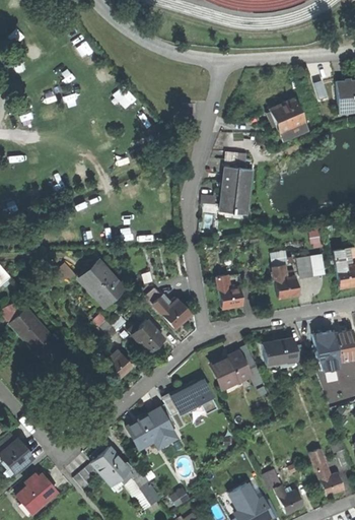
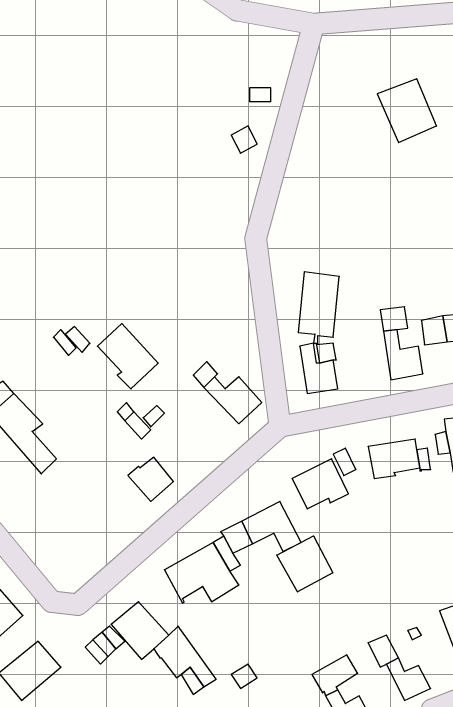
building: [222,166,250,213] -> [298,272,339,343]
building: [129,319,164,352] -> none
building: none -> [277,536,333,592]

